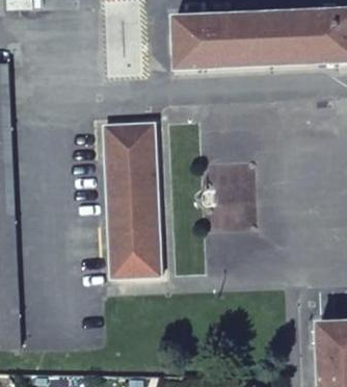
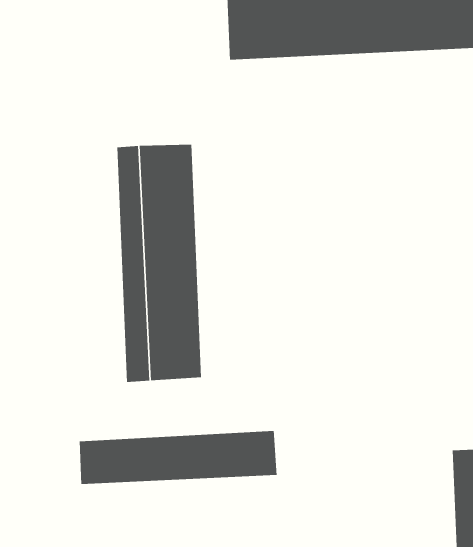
building: none -> [79,430,277,485]

